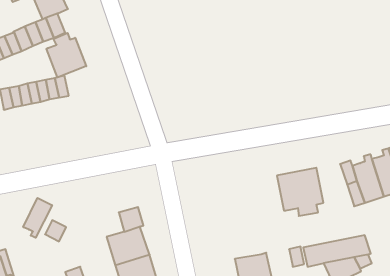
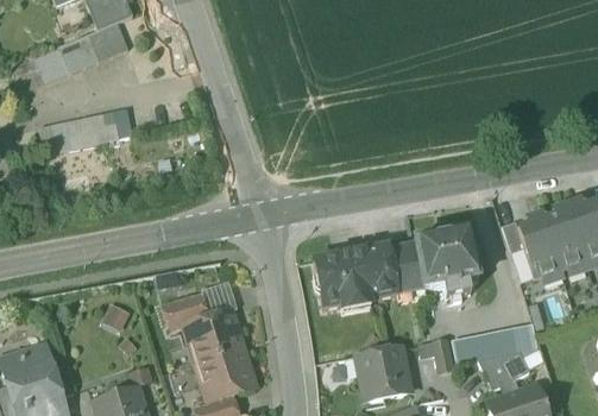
building: [46,33,86,77] -> none
building: none -> [314,241,424,309]
building: [23,198,52,238] -> none
building: none -> [163,291,208,329]

